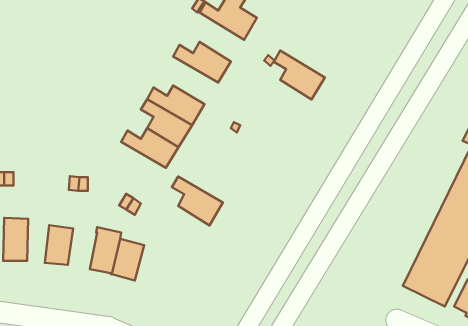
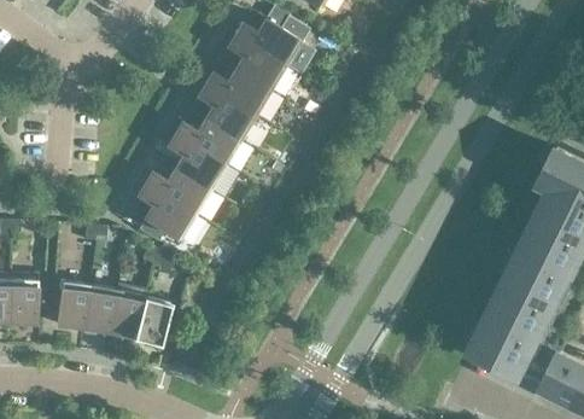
building: [274,50,325,99] -> [226,36,285,93]
building: none -> [195,87,255,142]
building: [172,177,223,226] -> [135,186,194,243]
building: none -> [81,286,115,333]

